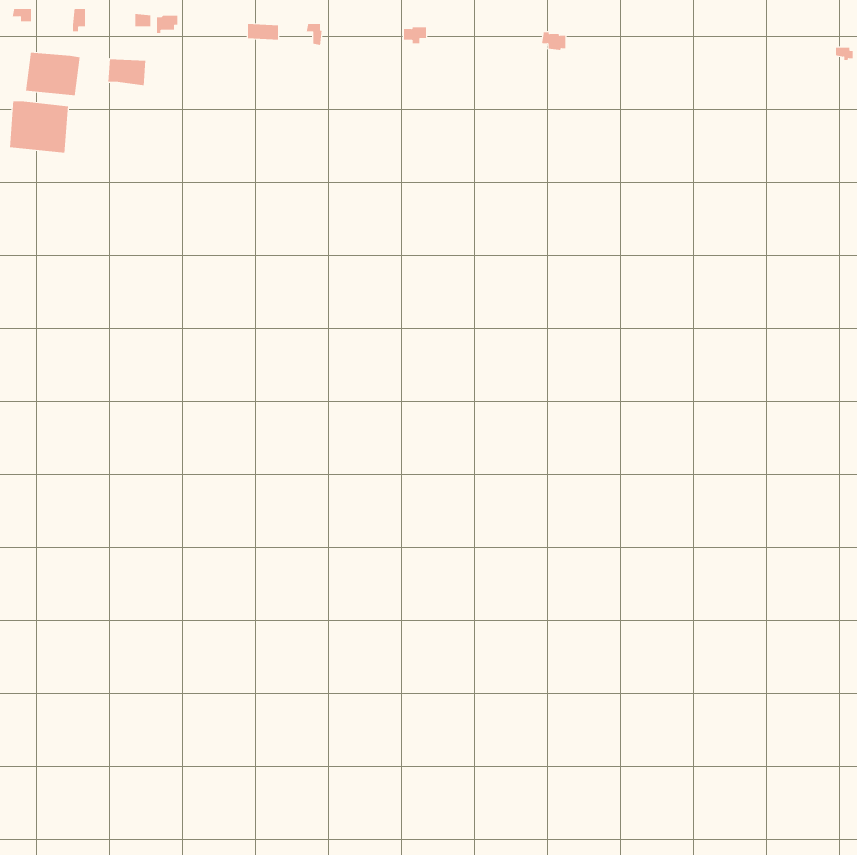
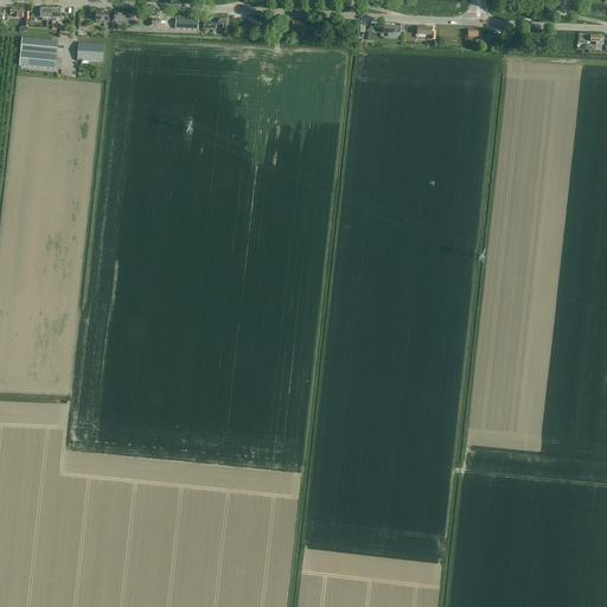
building: [10,100,68,153] -> none

